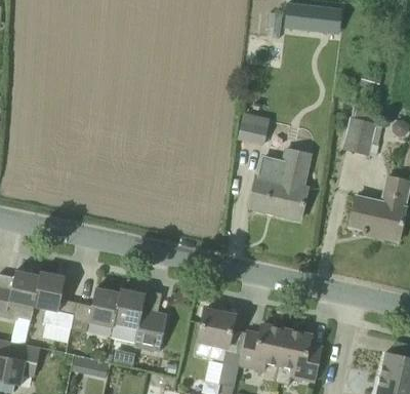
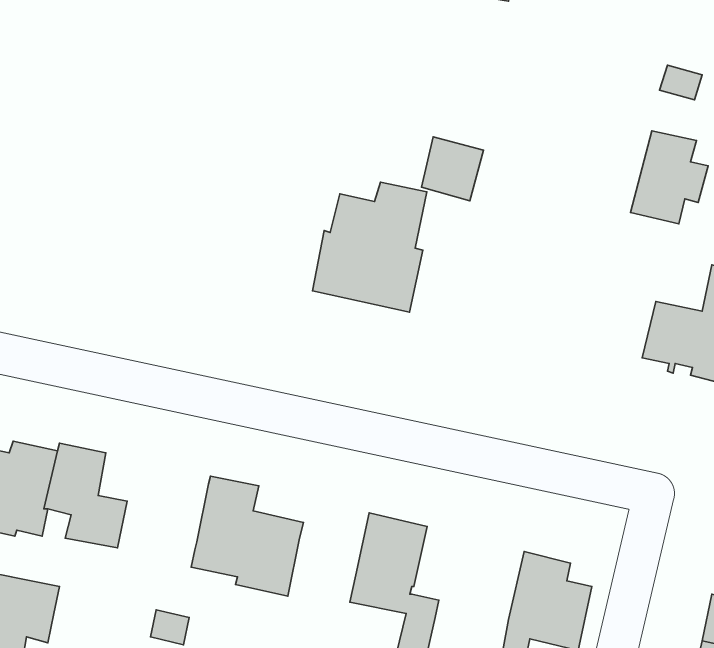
building: [249,150,310,219] -> [313,182,427,312]
building: [72,286,120,330] -> none
building: [240,323,287,369] -> none

